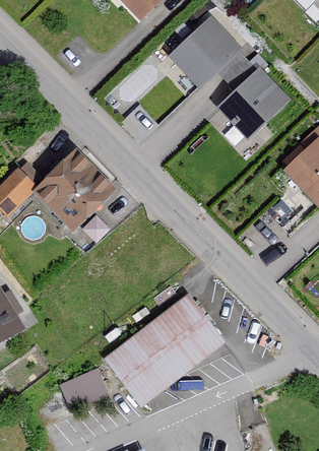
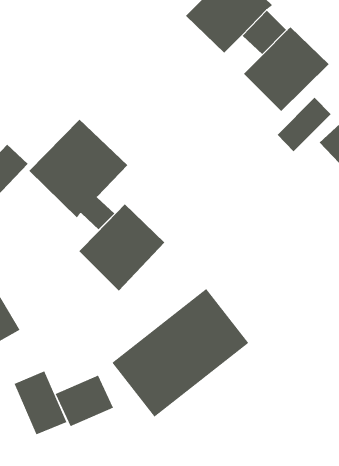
building: none -> [277,97,331,152]
building: none -> [79,204,165,291]
building: none -> [14,370,67,435]

